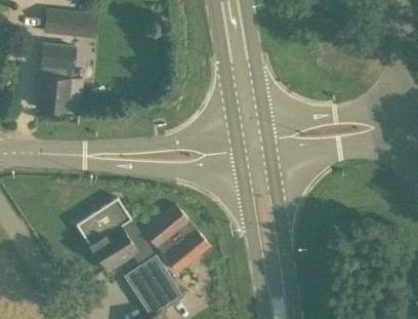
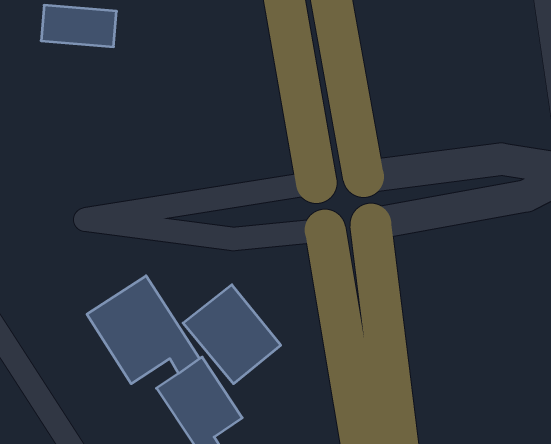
building: [38,43,77,111] -> none

